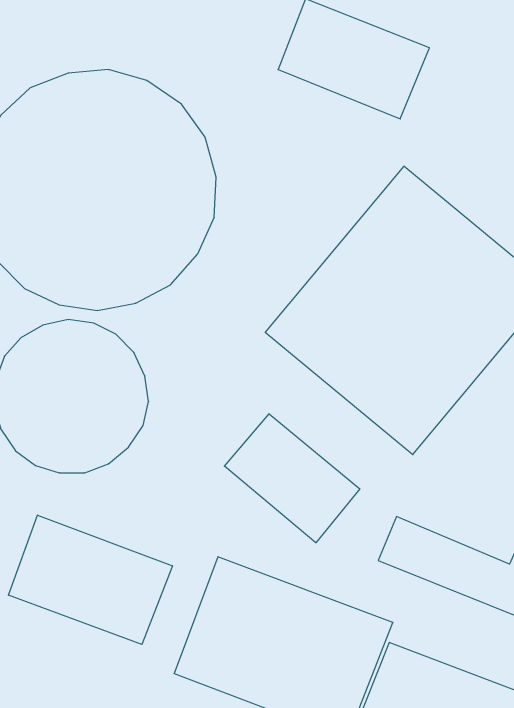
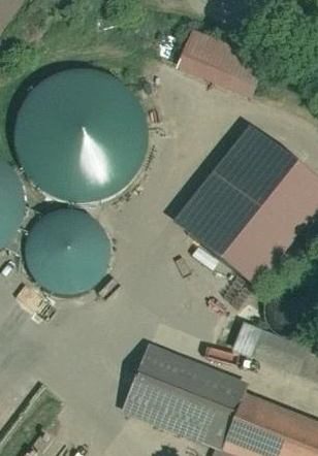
building: [224,414,360,543] -> none
building: [8,515,172,644] -> none

